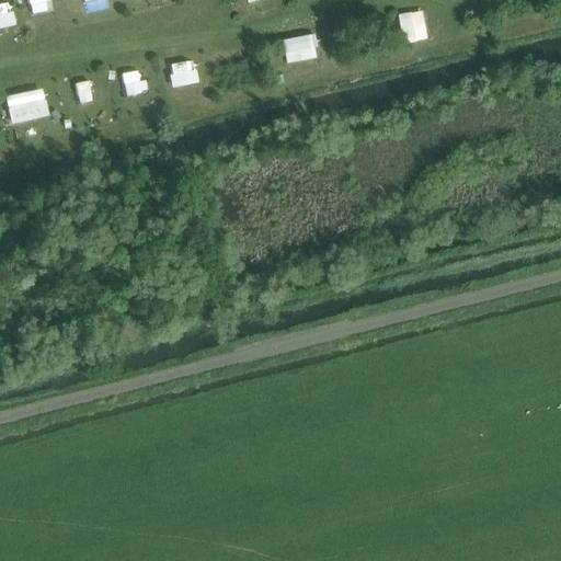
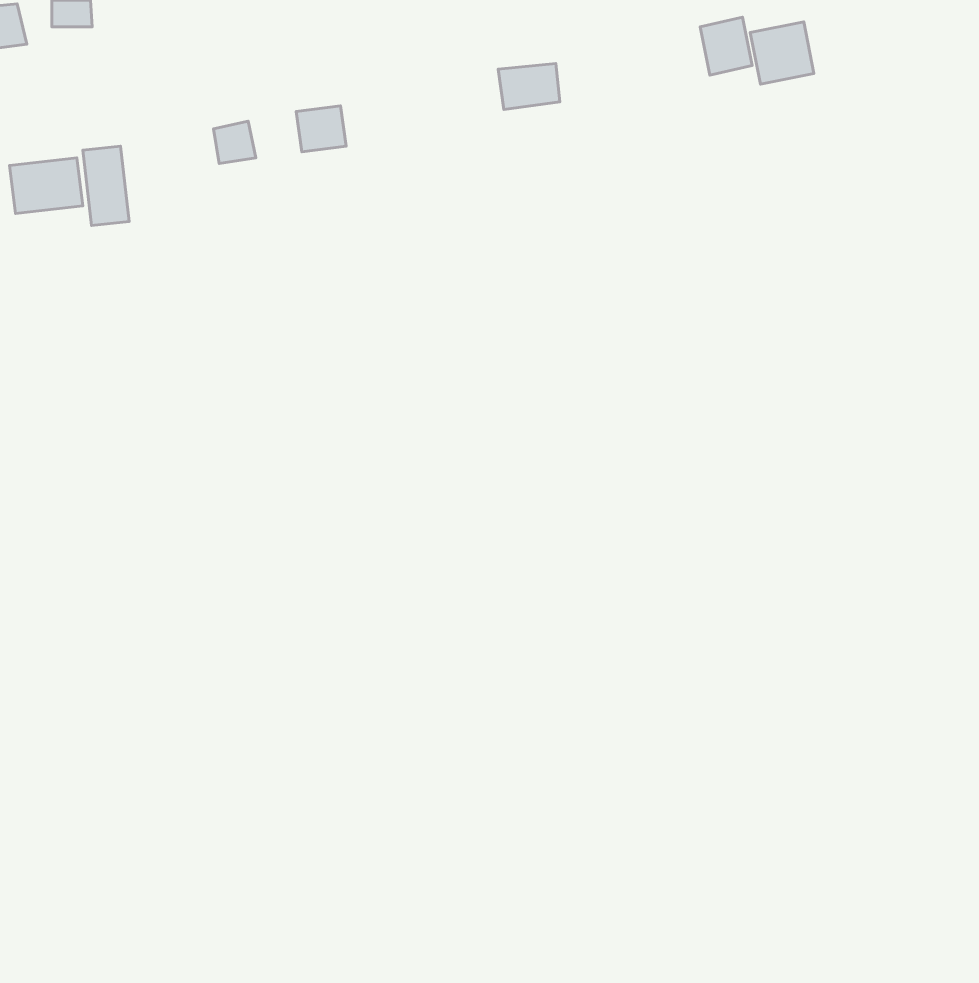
building: none -> [750,22,814,84]
building: none -> [83,146,129,225]

